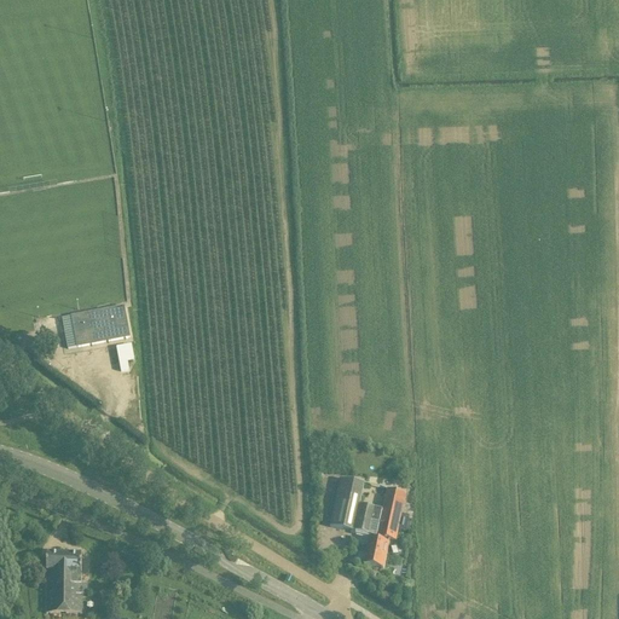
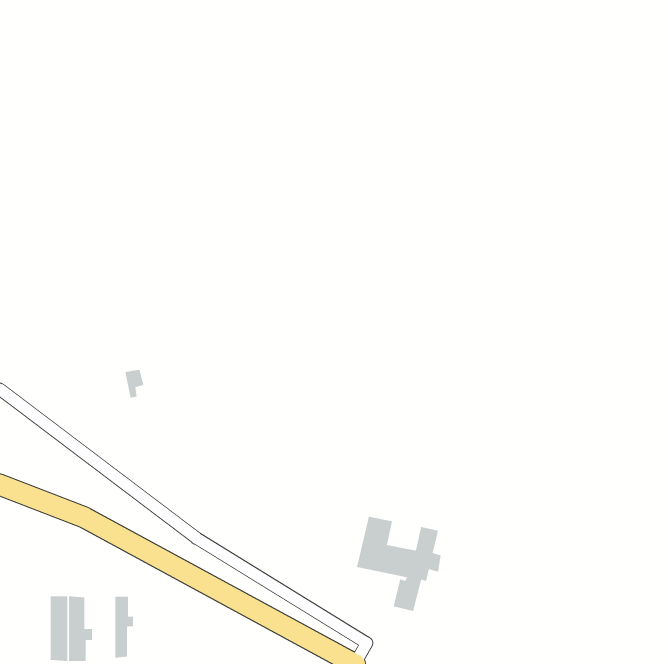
building: [74,303,127,342] -> none
building: none -> [115,596,134,658]

